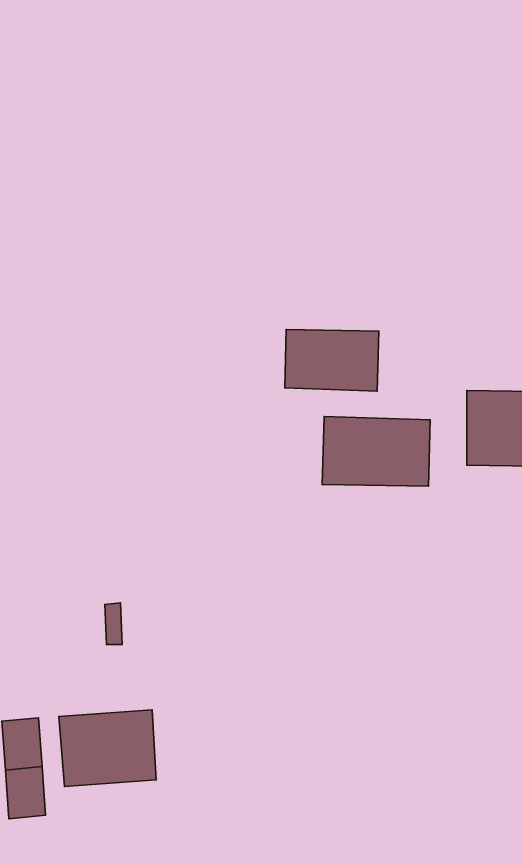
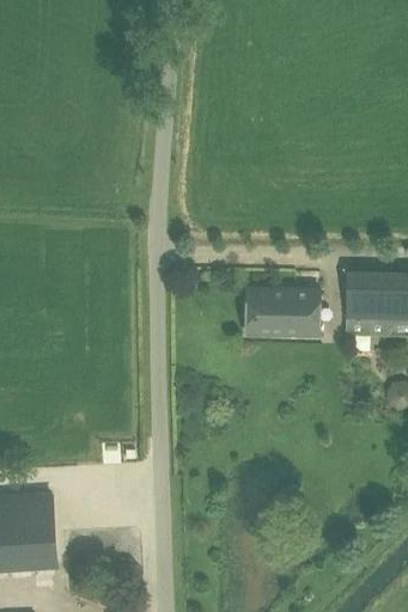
building: [285,330,379,391] -> none
building: [59,710,156,786] -> none

